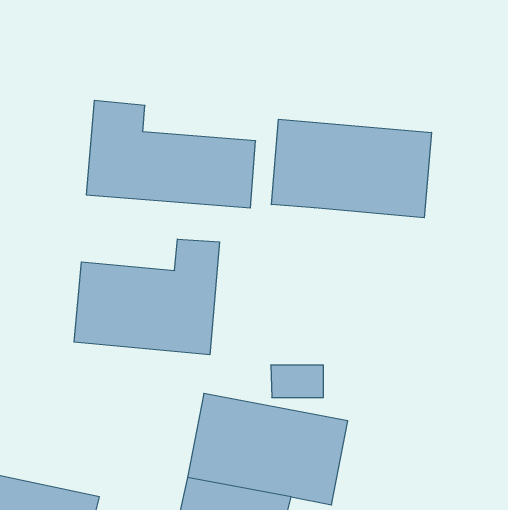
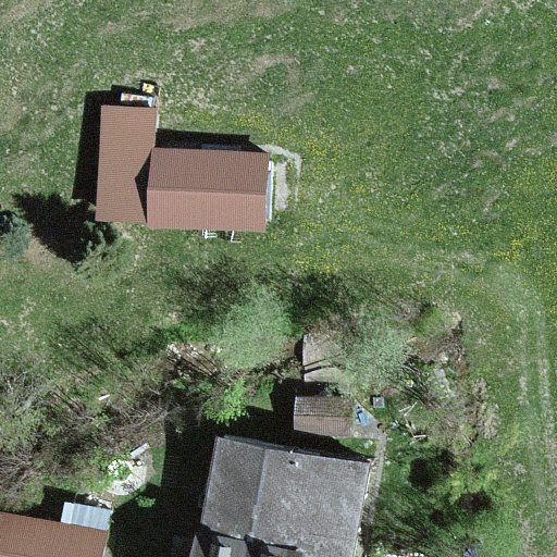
building: [271,119,431,218] -> none
building: [74,239,219,355] -> none

